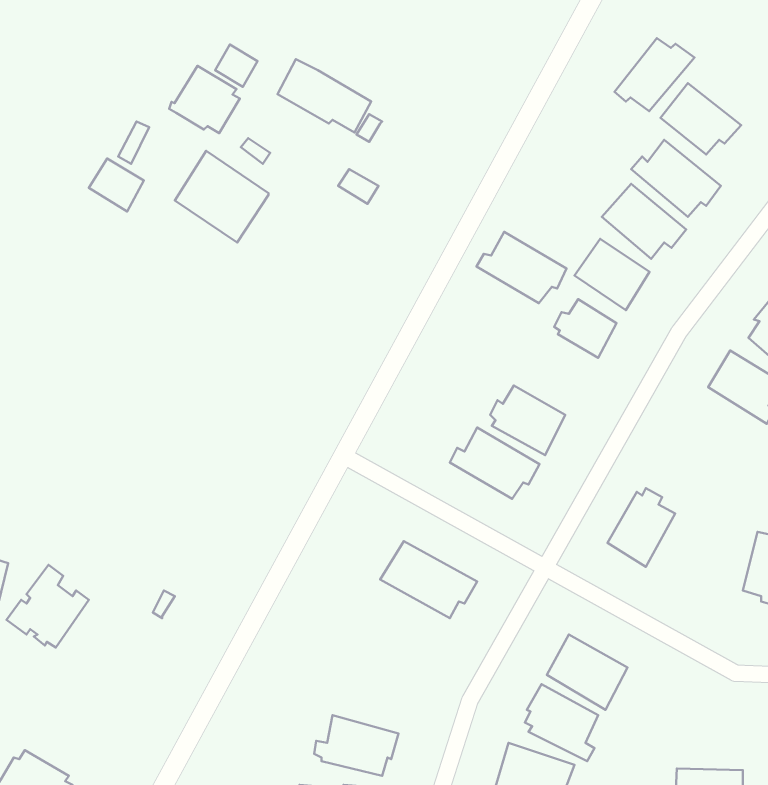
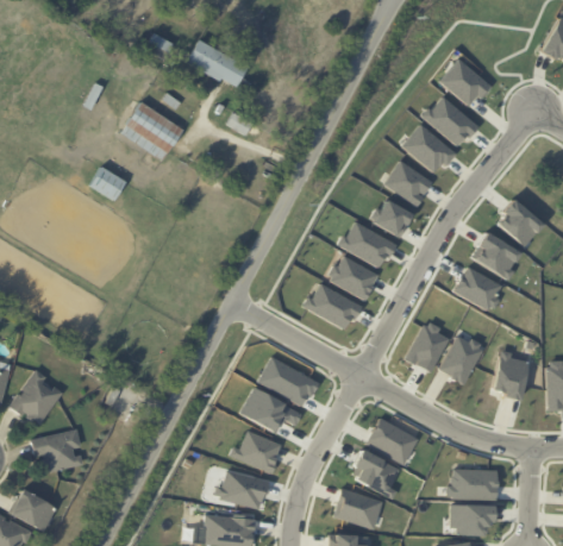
building: [614,38,694,111] -> none
building: [169,66,240,133] -> none
building: [89,158,144,212] -> [93,167,129,201]
building: [477,232,566,303] -> [337,220,395,266]
building: none -> [452,266,501,310]
building: none -> [438,335,482,384]
building: none -> [240,387,302,432]
building: none -> [230,429,280,472]
building: none -> [33,431,87,475]
building: none -> [446,467,496,500]

